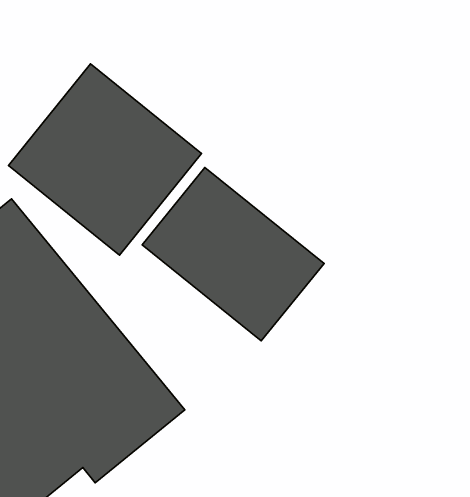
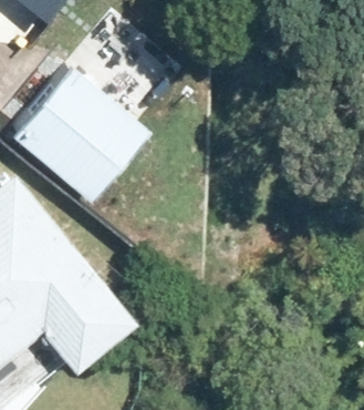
building: [142,167,324,341] -> none

